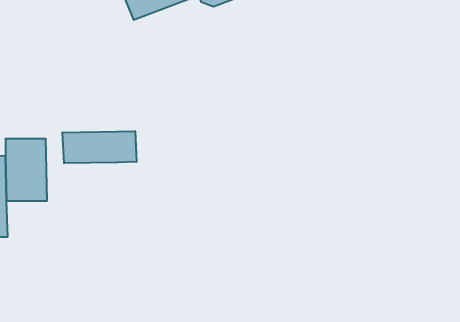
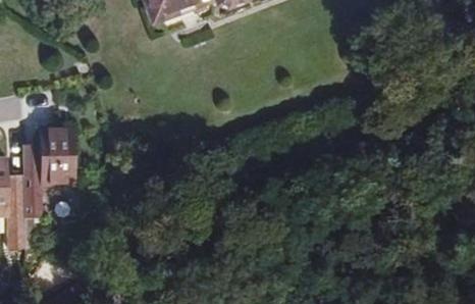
building: [63,131,136,163] -> none

